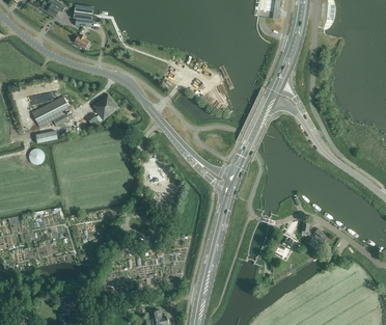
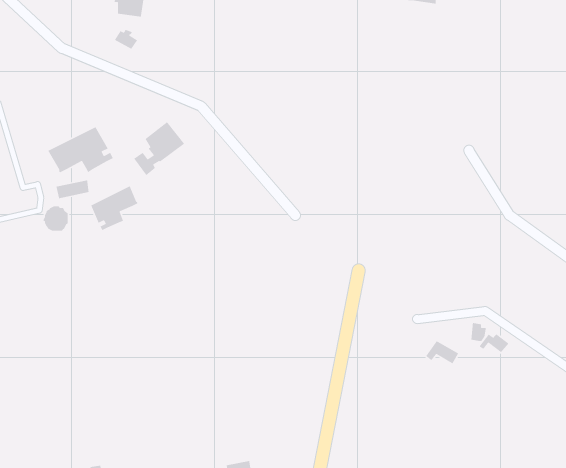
building: none -> [90,185,138,231]

